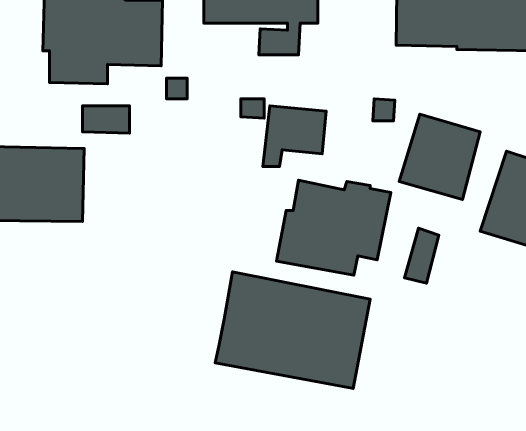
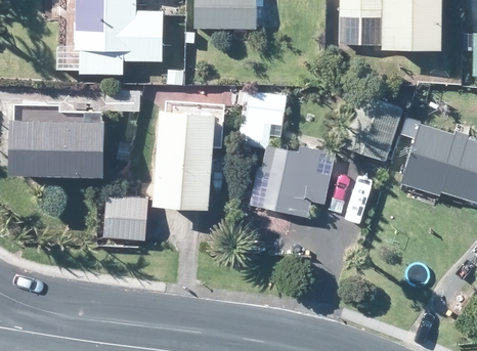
building: none -> [154,111,216,209]
building: none -> [103,195,146,239]
building: [215,272,370,389] -> none

